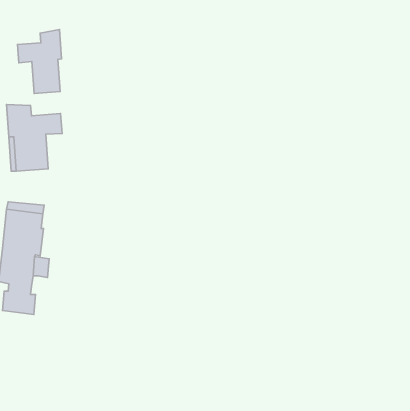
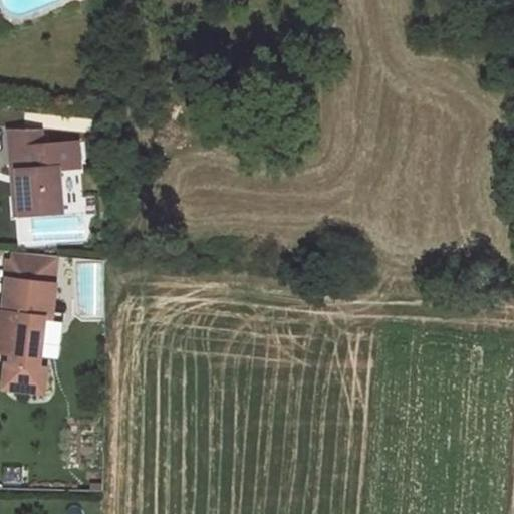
building: [17,29,62,93] -> none

